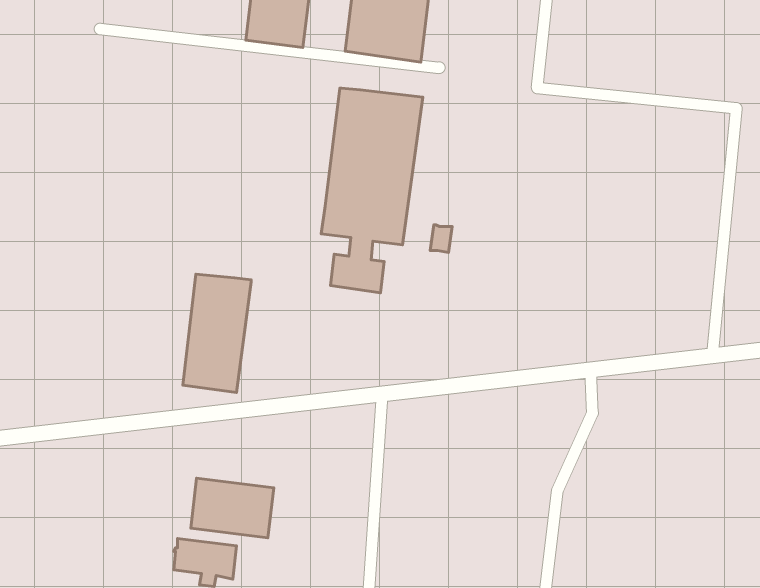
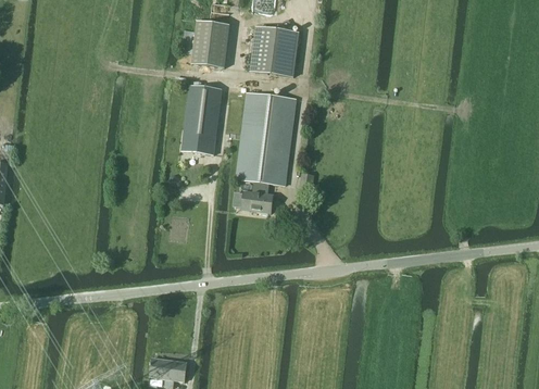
building: [183,274,251,392] -> [181,84,222,153]
building: [191,478,274,538] -> none

